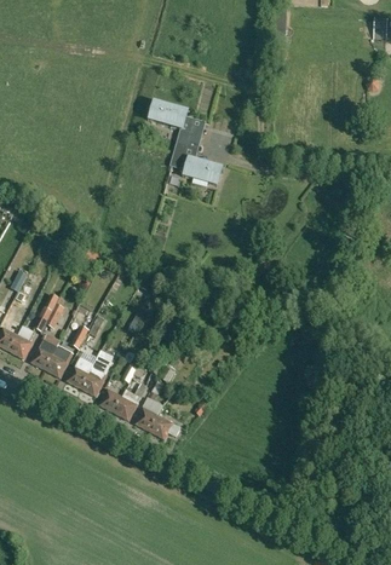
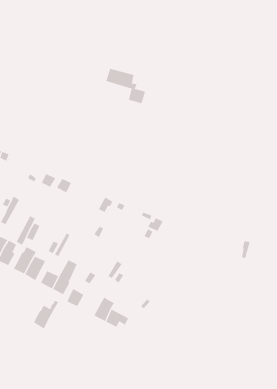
building: [173,144,224,185] -> none
building: [114,384,148,421] -> [33,300,59,329]

